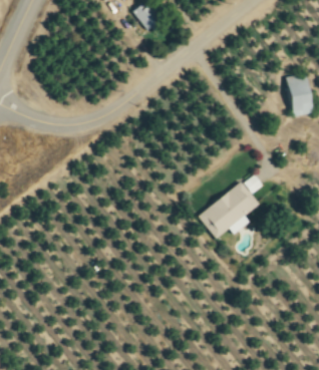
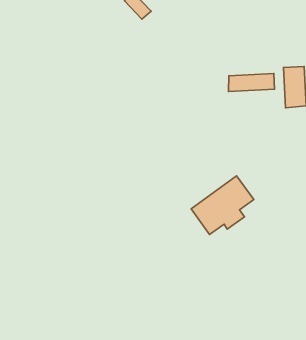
building: none -> [228,74,275,92]

